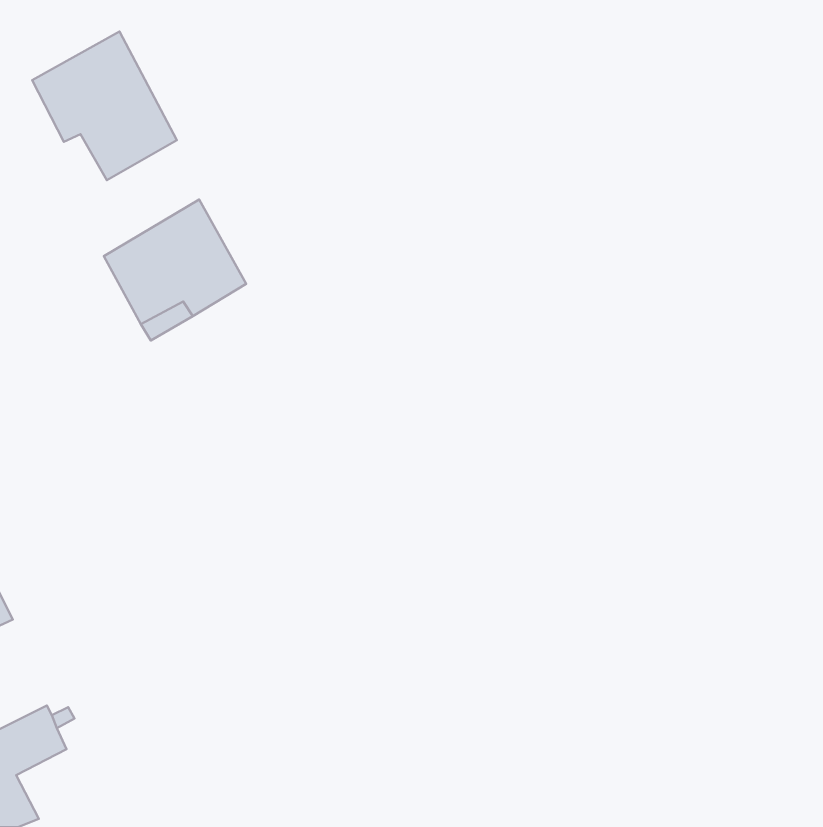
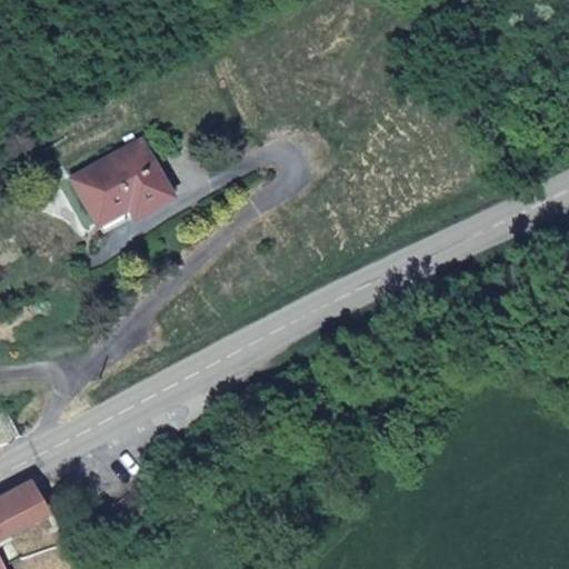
building: [32,31,177,180] -> none

